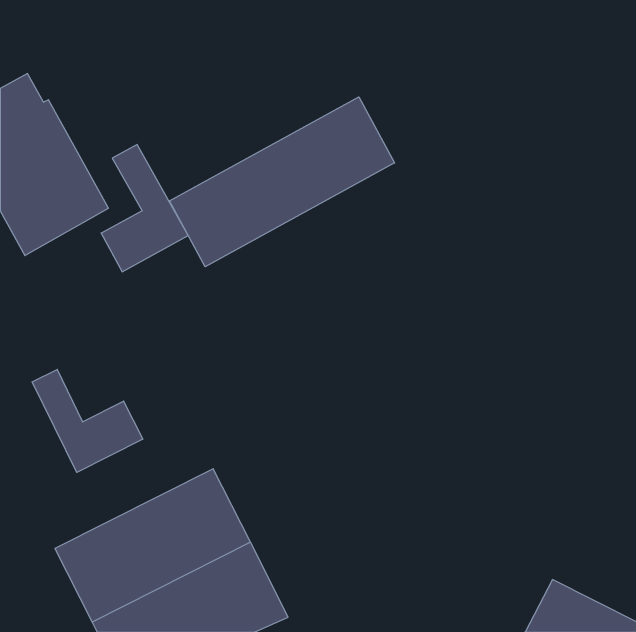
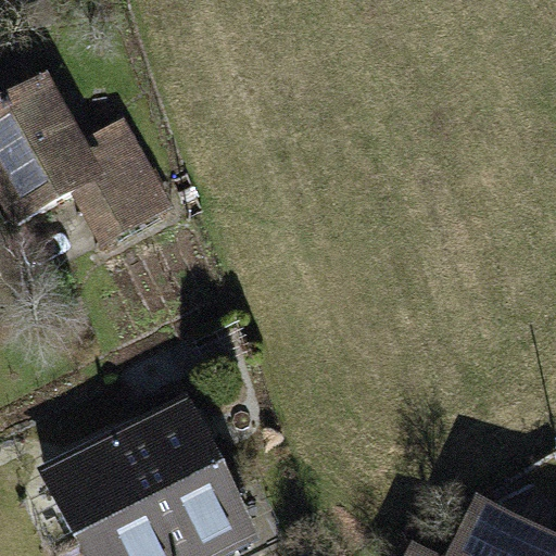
building: [169,97,395,267] -> none
building: [32,369,143,472] -> none

